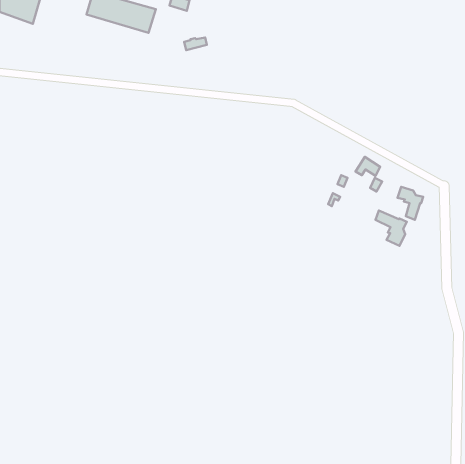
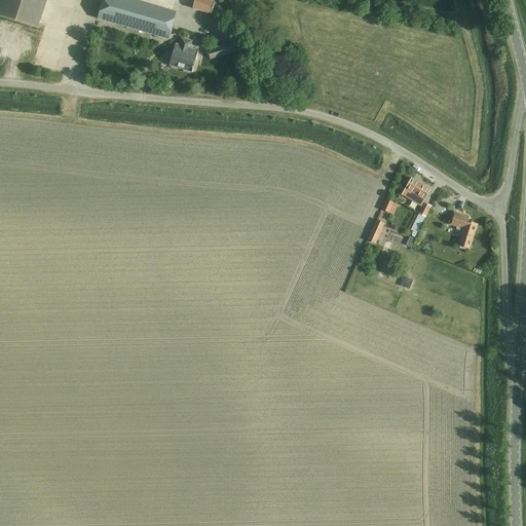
building: none -> [168,36,197,70]
building: [375,210,407,246] -> none

